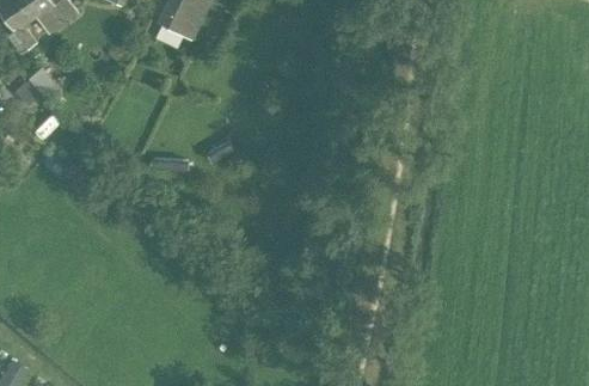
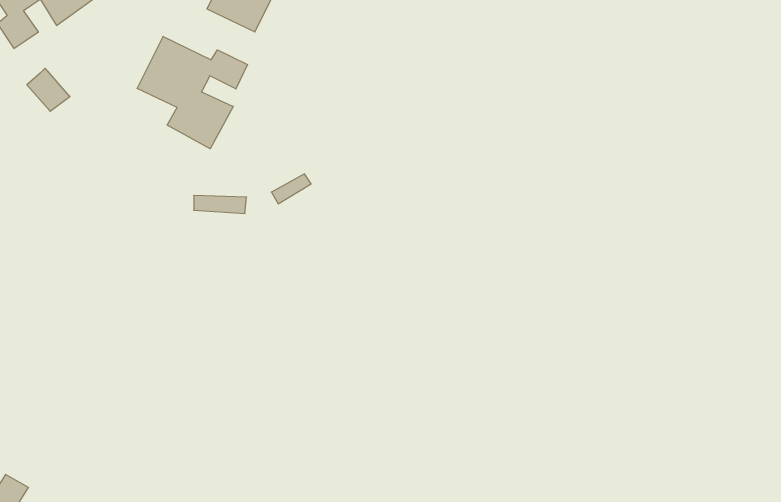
building: none -> [137,36,248,149]

